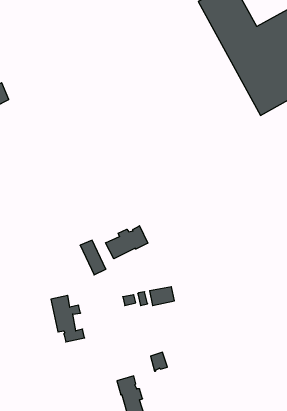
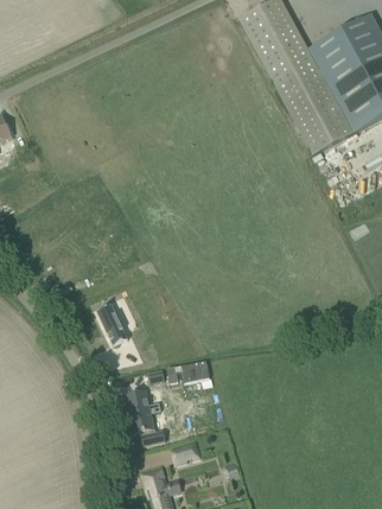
building: [106,226,148,259] -> none
building: [51,295,85,342] -> [127,389,167,445]

